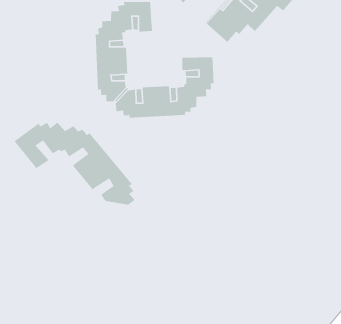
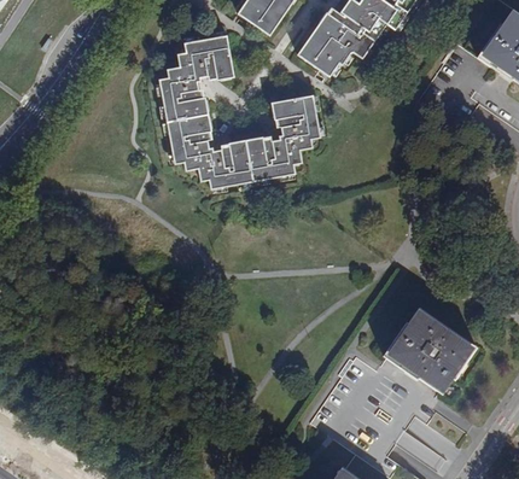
building: [14,122,135,205] -> none
building: none -> [384,305,476,391]

